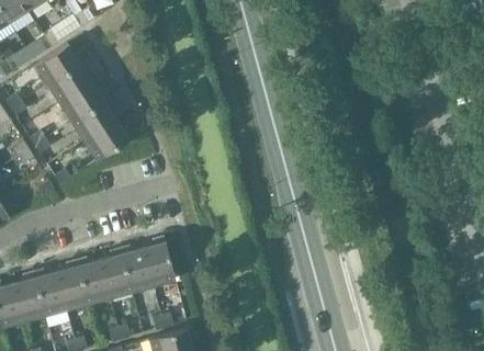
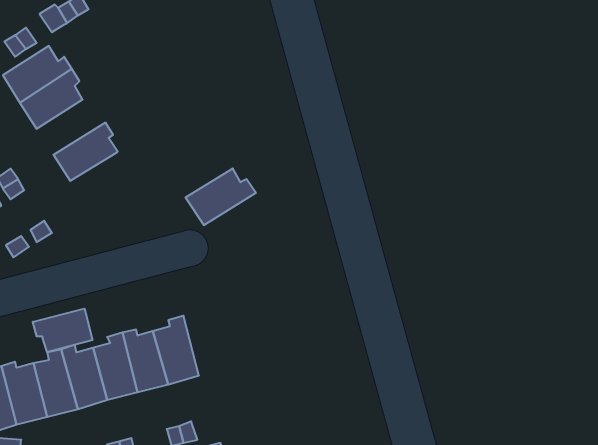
building: [58,83,108,123] -> none
building: [82,121,133,161] -> [185,168,256,225]
building: none -> [33,309,92,352]

